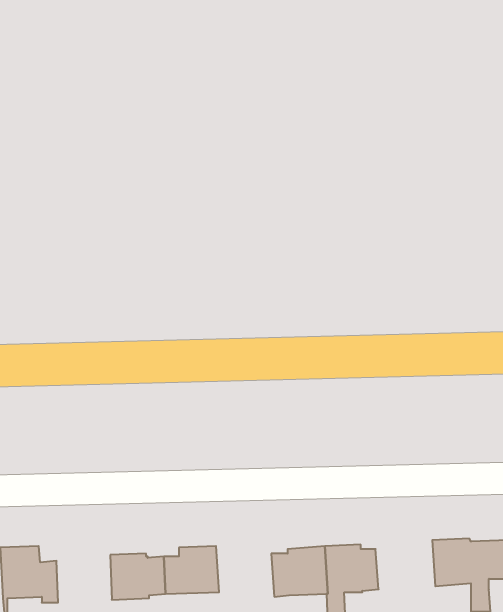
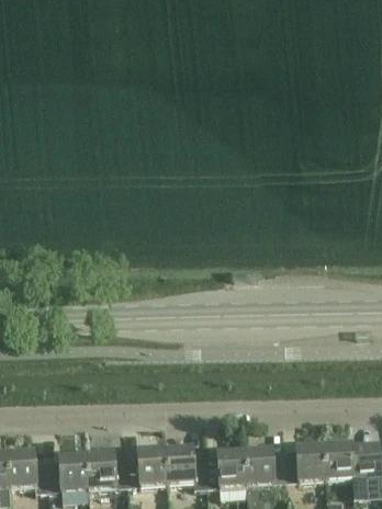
building: none -> [283,443,327,480]
building: none -> [166,446,209,486]
building: none -> [48,454,89,489]

